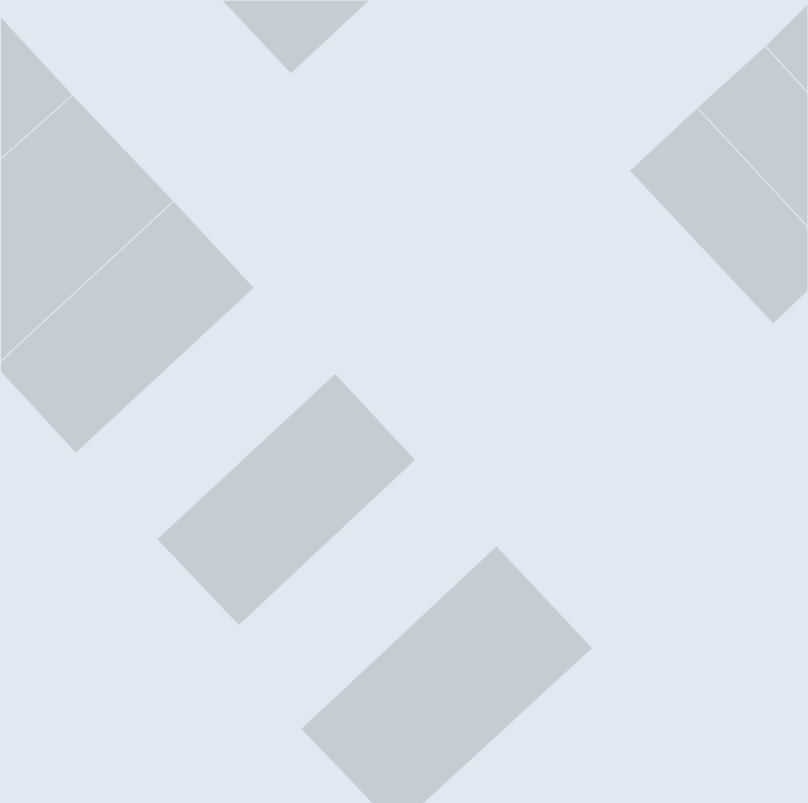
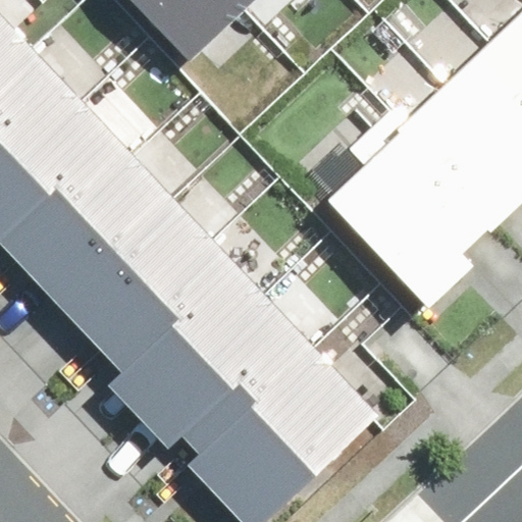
building: none -> [329,113,499,293]
building: none -> [49,189,216,351]
building: none -> [154,300,320,462]

